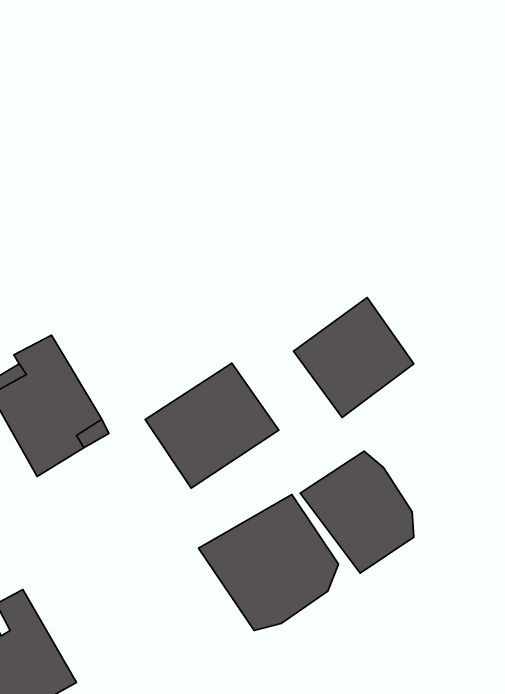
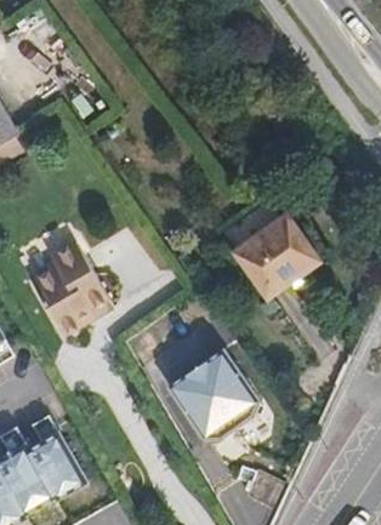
building: [145,363,279,488] -> none
building: [300,451,414,573] -> none

